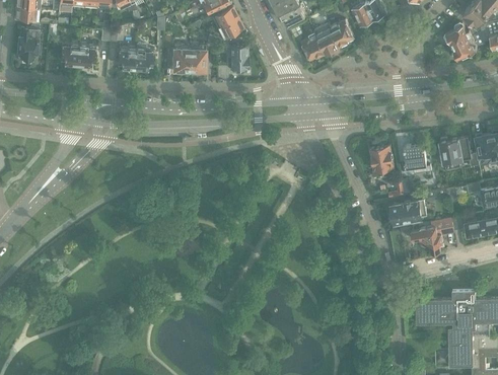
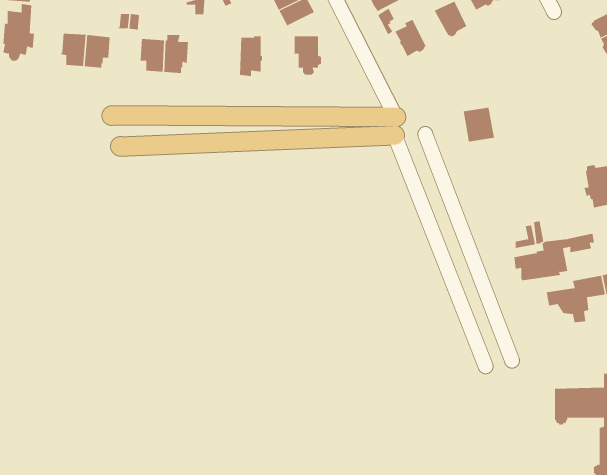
building: [312,24,339,54] -> none
building: [171,45,189,74] -> none
building: [402,145,430,174] -> none
building: [369,146,393,171] -> [463,107,495,142]

